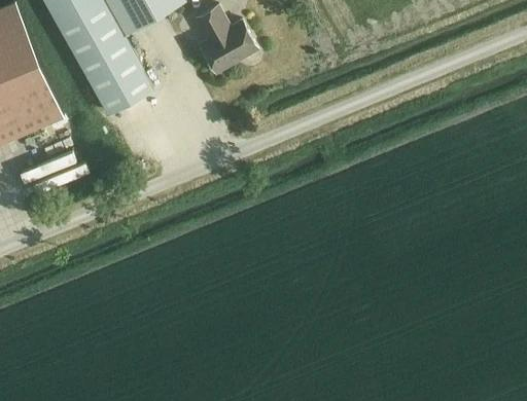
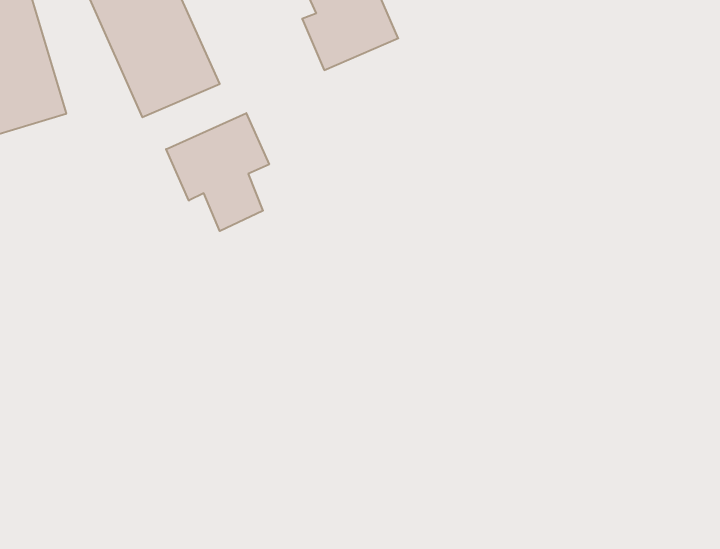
building: none -> [166,113,269,231]

